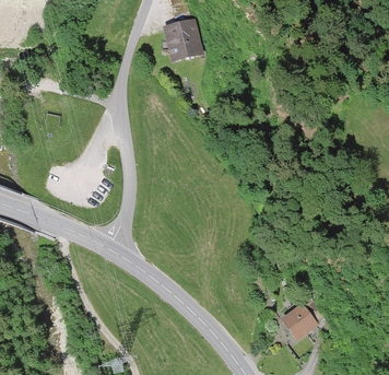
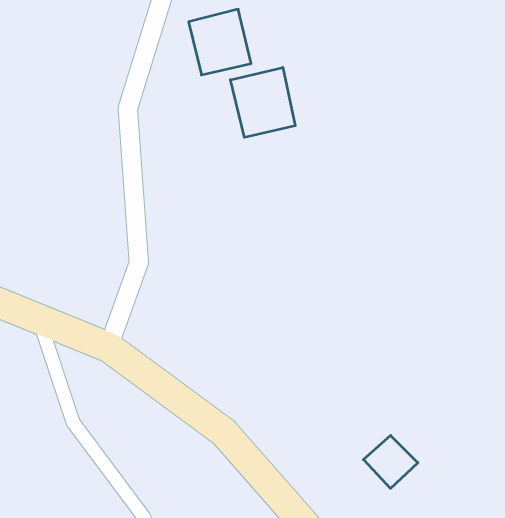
building: none -> [230,67,295,137]

